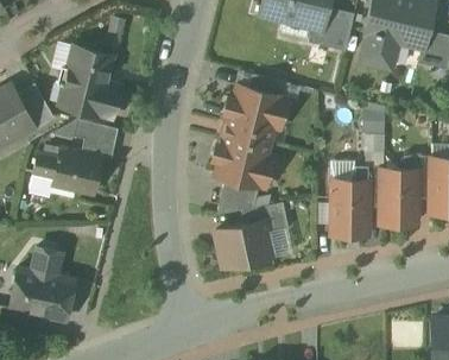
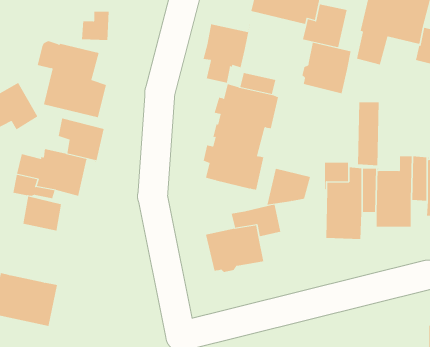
building: none -> [203,23,251,84]
building: none -> [302,42,351,94]
building: [217,178,260,214] -> [267,168,311,205]
building: [27,242,65,277] -> [23,196,62,231]

